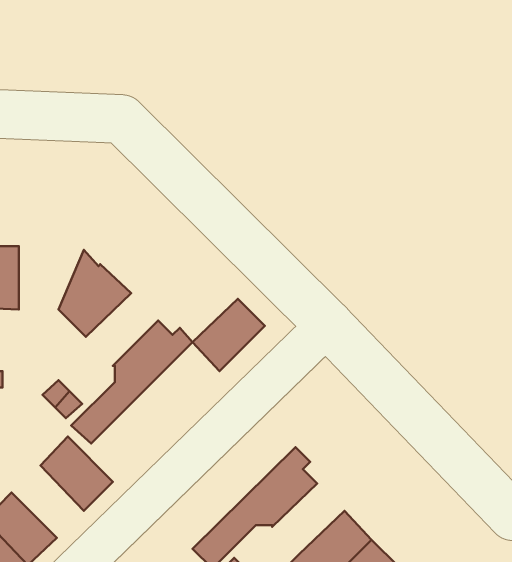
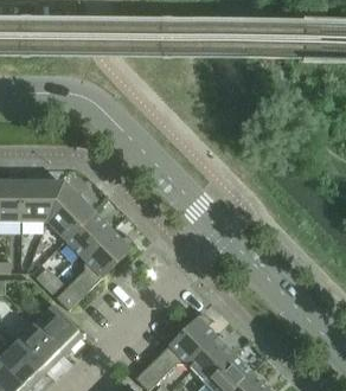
building: none -> [21,180,64,222]
building: [193,299,265,371] -> [65,211,113,258]
building: none -> [17,323,64,371]
building: none -> [187,335,235,382]

